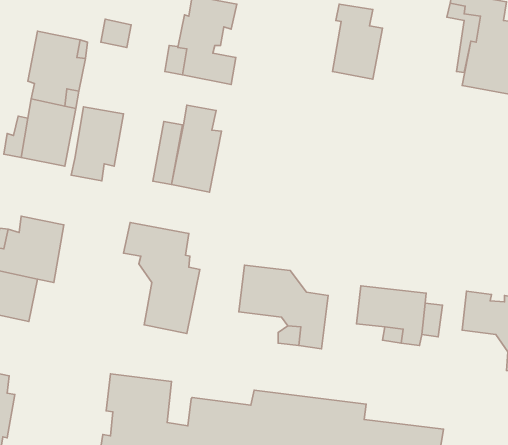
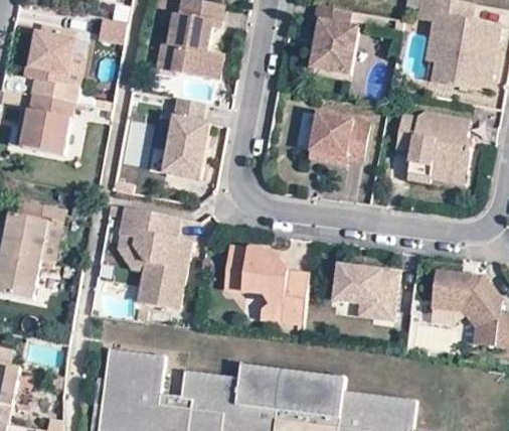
building: [71,107,123,181] -> none
building: none -> [395,113,470,183]
building: none -> [310,114,367,164]

